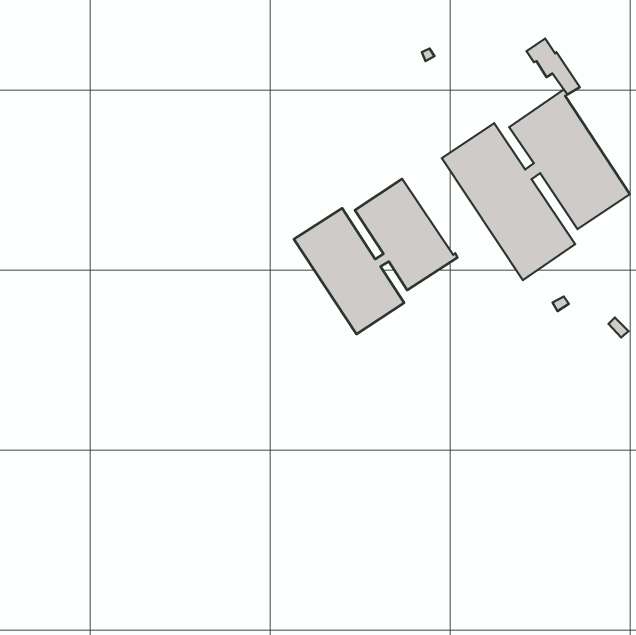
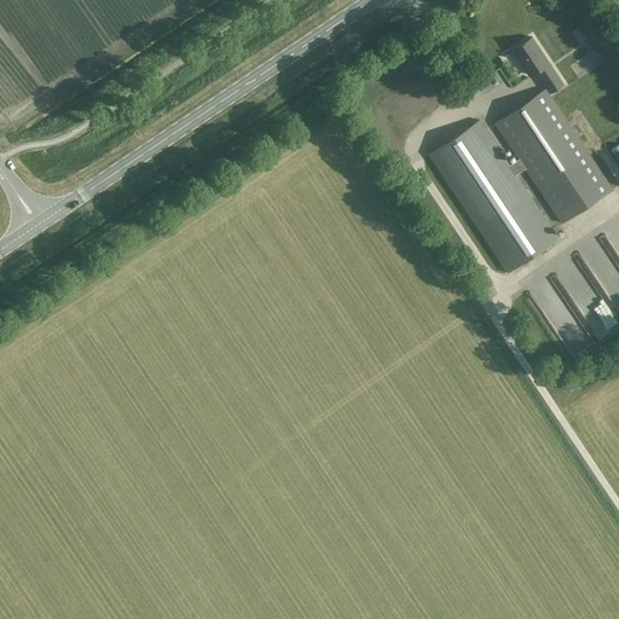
building: [294,179,458,334] -> none

